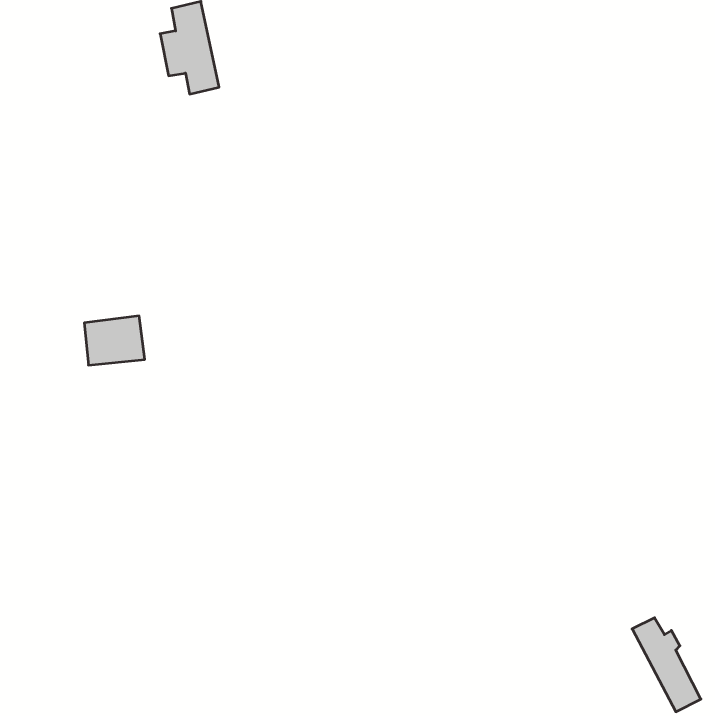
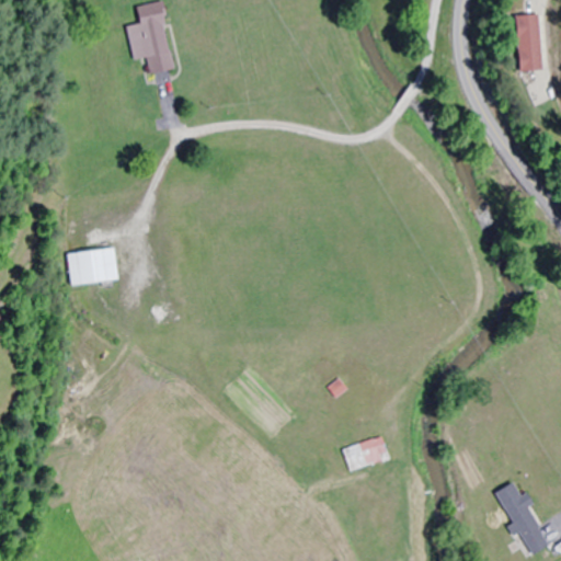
building: none -> [507,14,541,71]
building: none -> [344,437,388,471]

